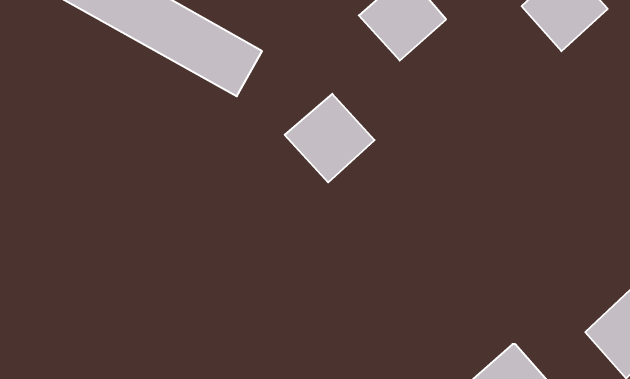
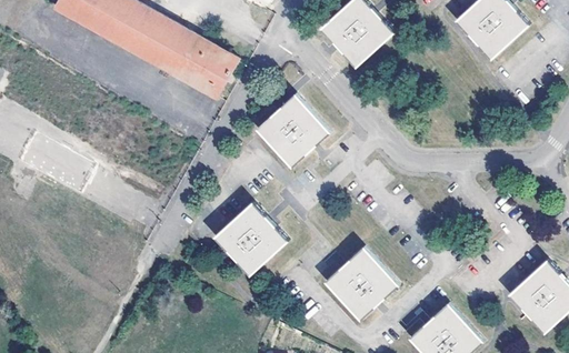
building: none -> [216,203,287,273]
building: none -> [326,246,398,320]

